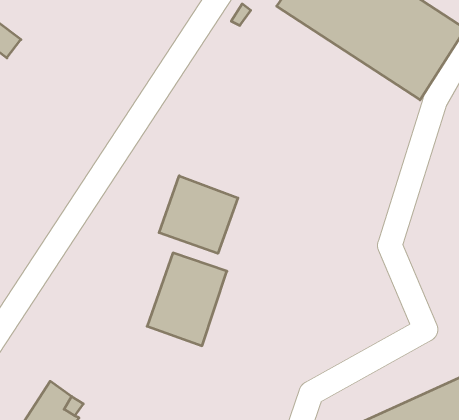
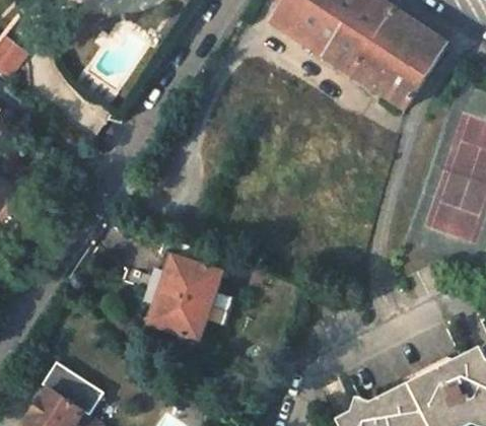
building: [159,176,238,253] -> none

